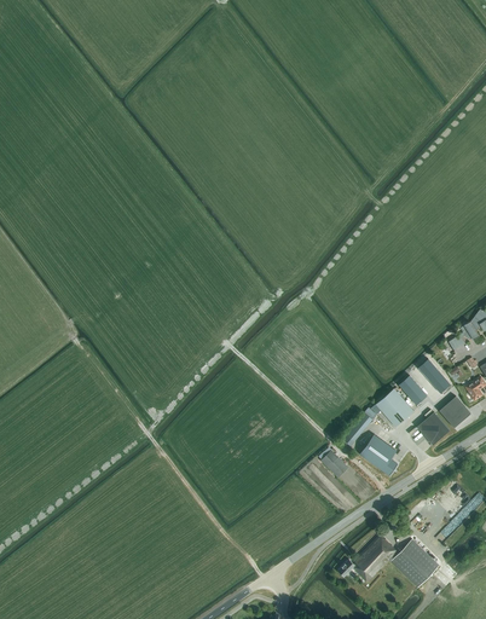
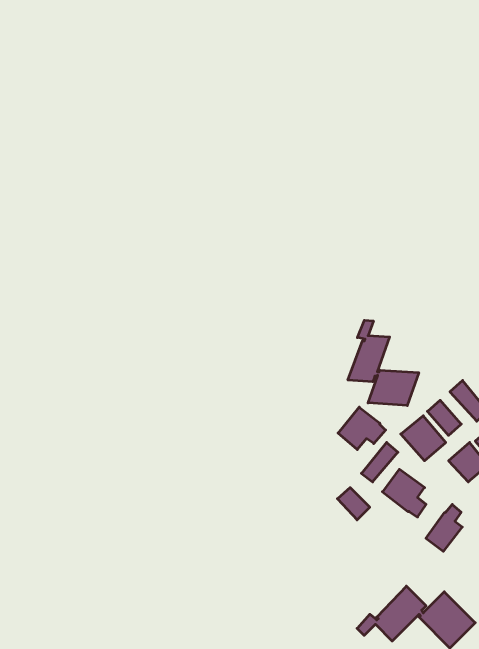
building: none -> [348,320,419,406]
building: none -> [338,407,386,450]
building: none -> [426,504,462,551]

